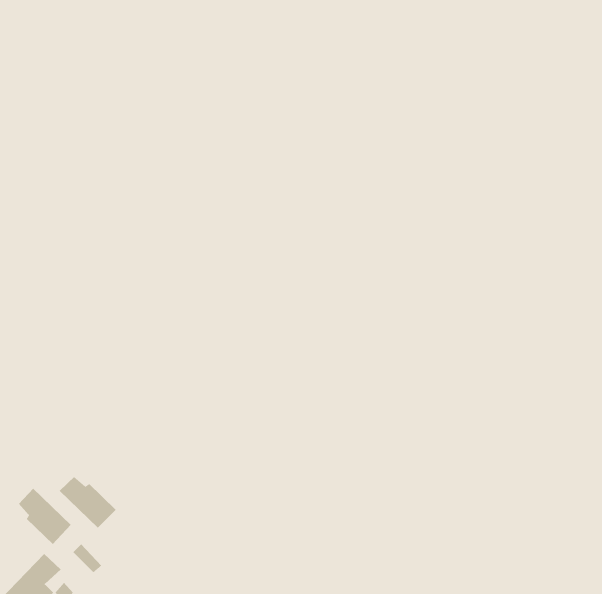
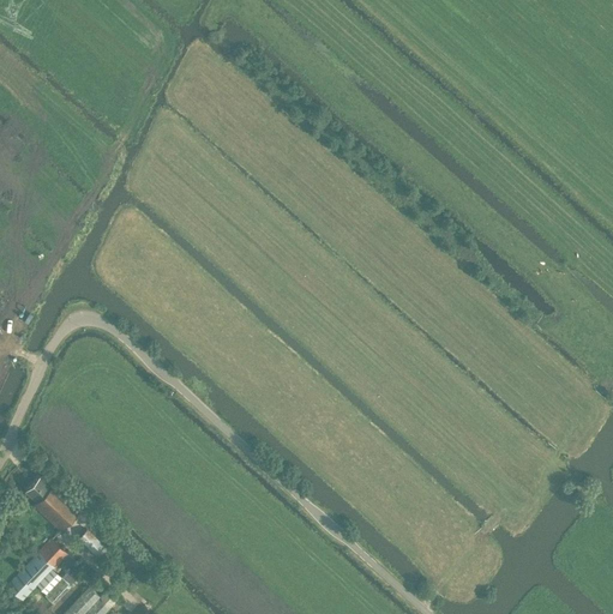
building: [59,476,116,529] -> none

